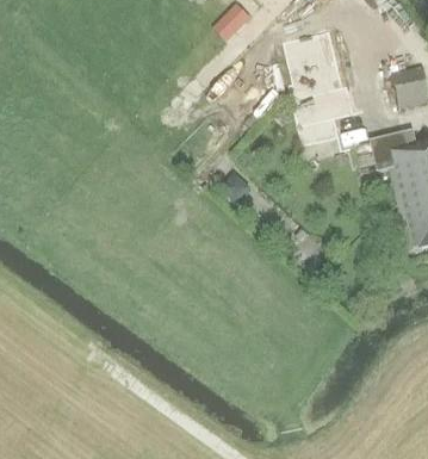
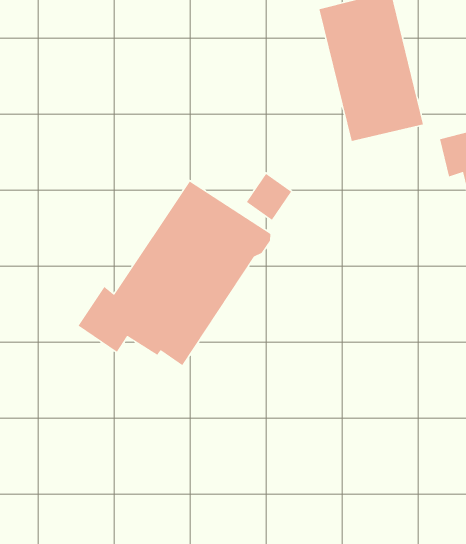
building: none -> [78,180,271,366]

